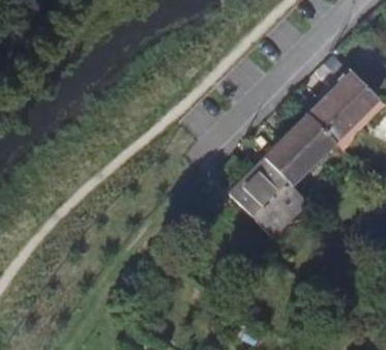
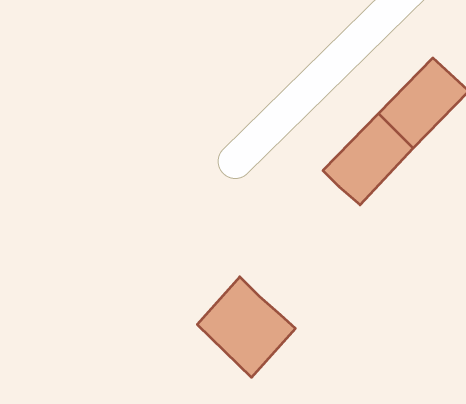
building: [230,157,306,236] -> [197,277,295,377]

